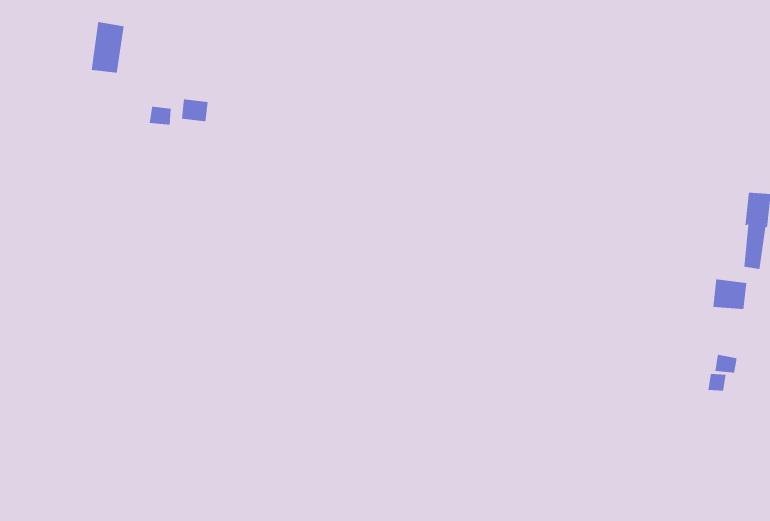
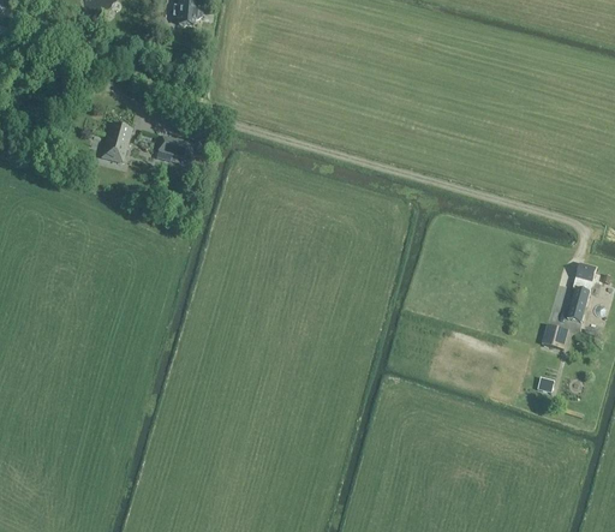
building: [91,22,124,73] -> [102,121,131,161]

